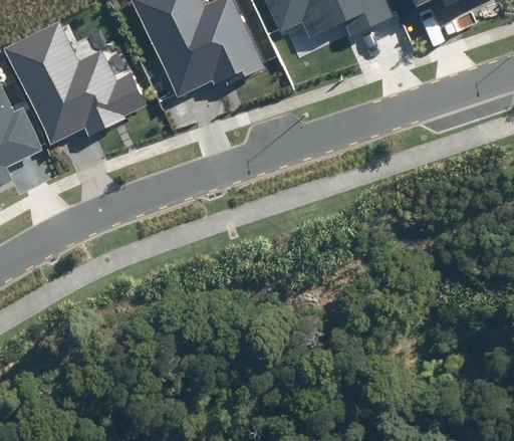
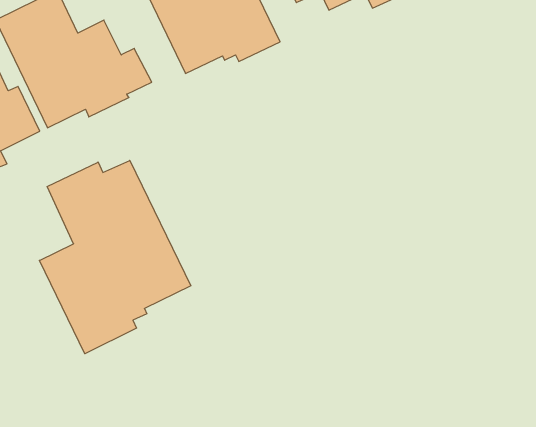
building: none -> [39,160,191,354]

